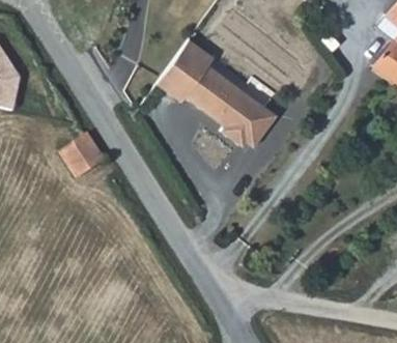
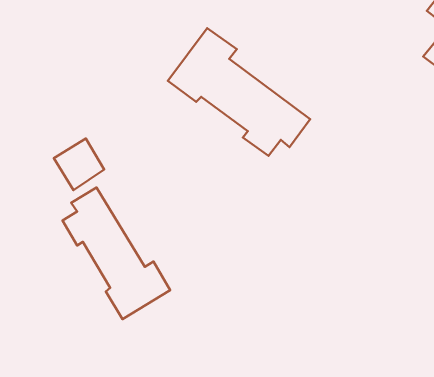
building: none -> [63,187,170,319]

